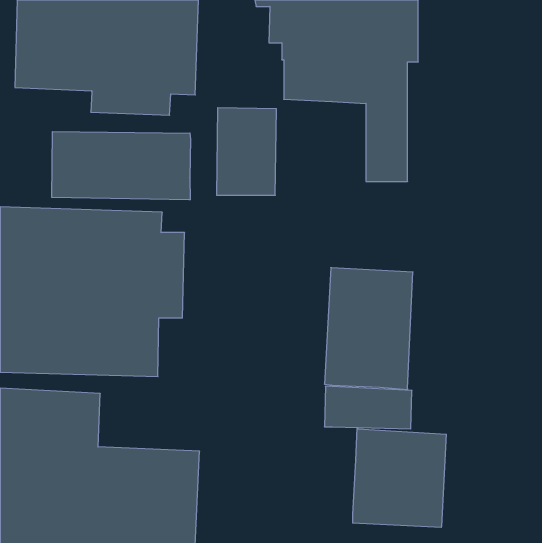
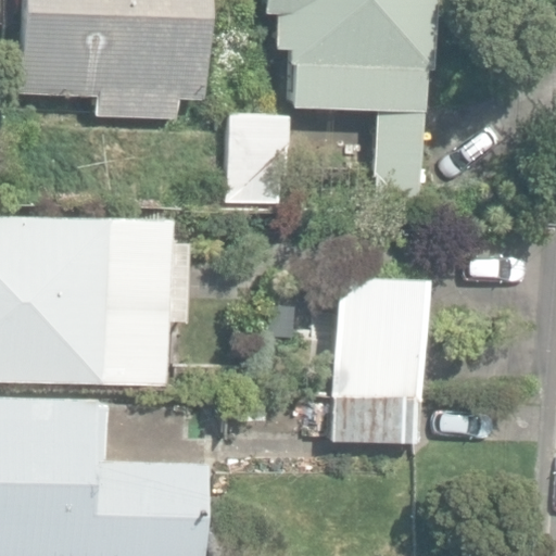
building: [52,132,191,200] -> none
building: [353,429,446,527] -> none

